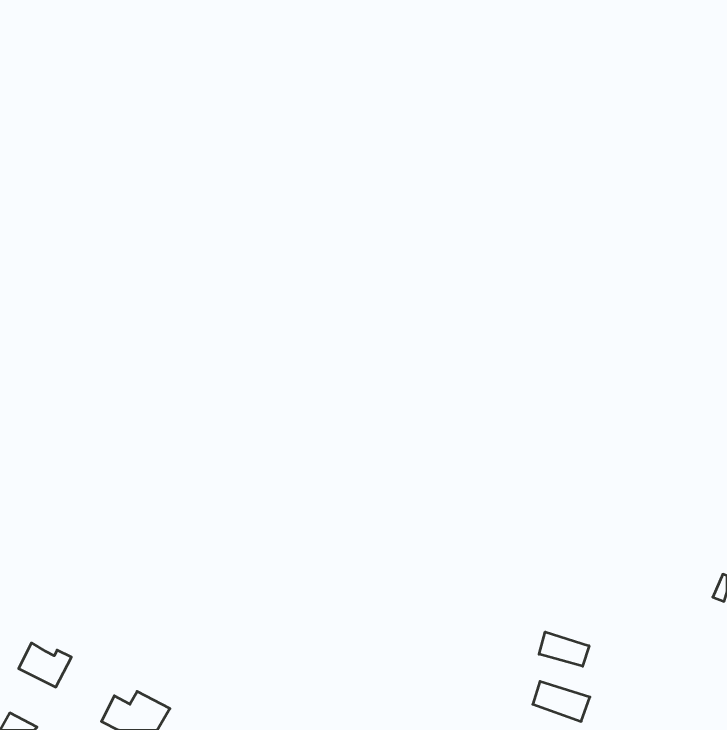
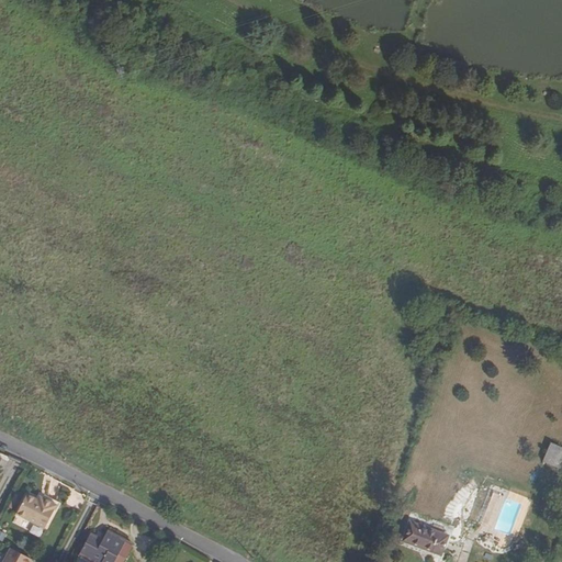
building: [539,632,589,666] -> none

